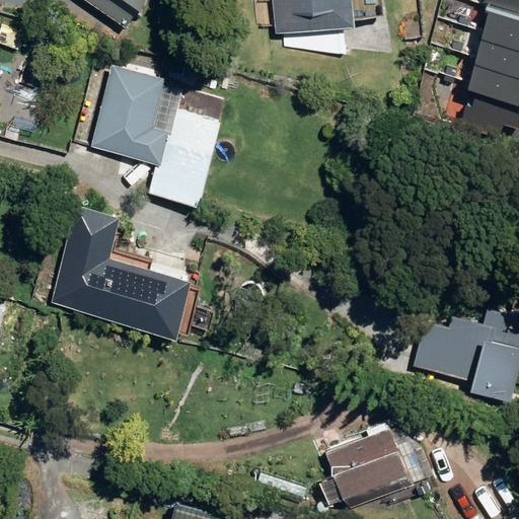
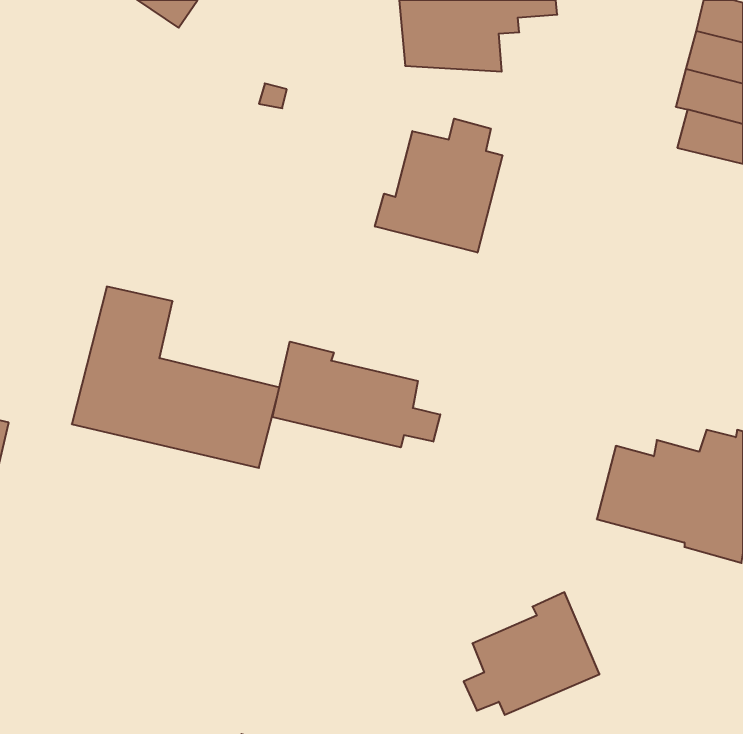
building: [91,66,221,203] -> none
building: none -> [375,119,502,253]
building: none -> [272,342,440,447]

